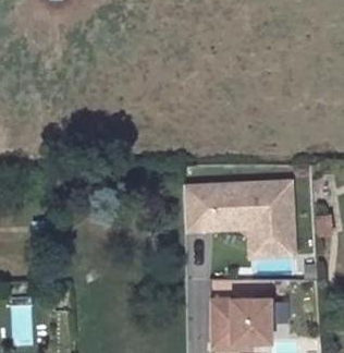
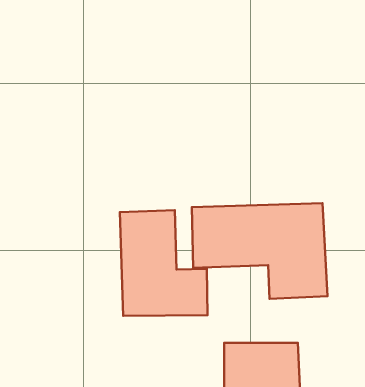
building: none -> [120,210,207,316]

